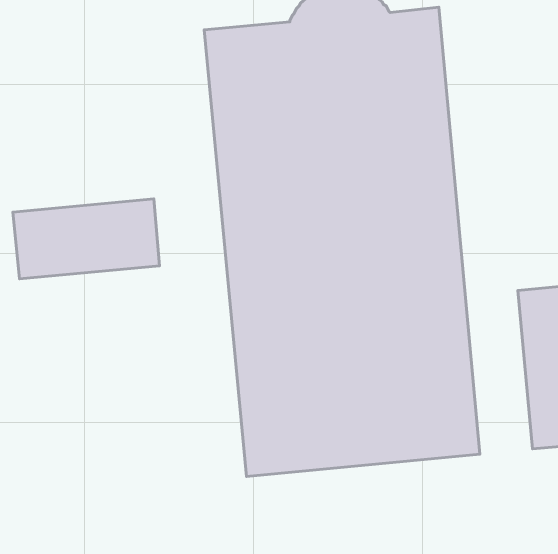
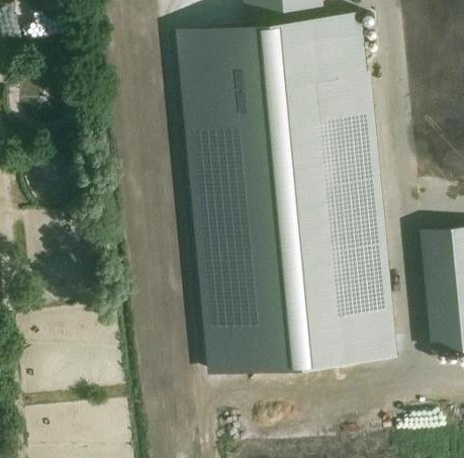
building: [13,199,159,279] -> none

